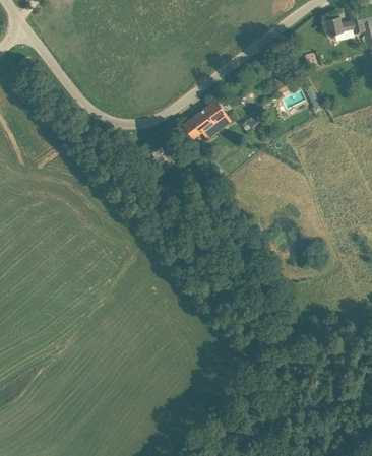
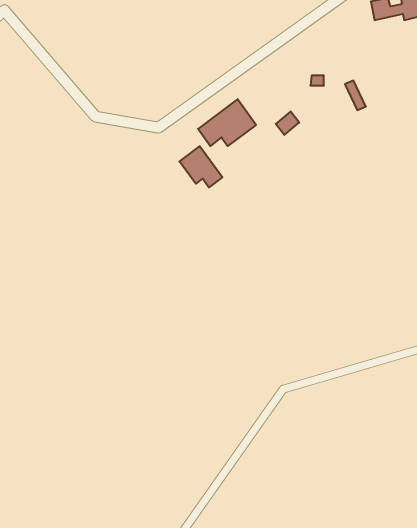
building: none -> [179,146,222,187]

